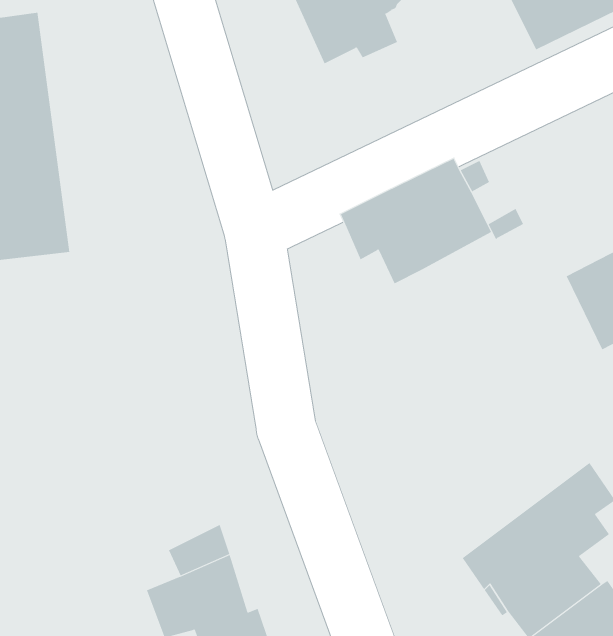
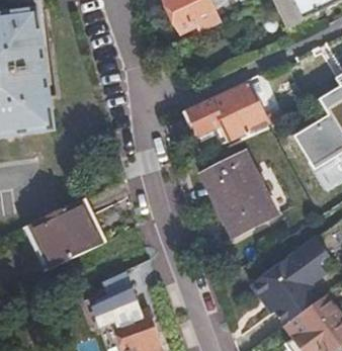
building: none -> [200,152,274,237]
building: none -> [33,199,99,264]

